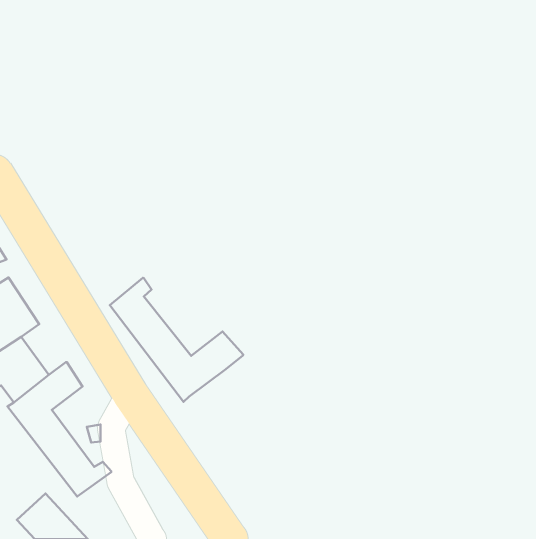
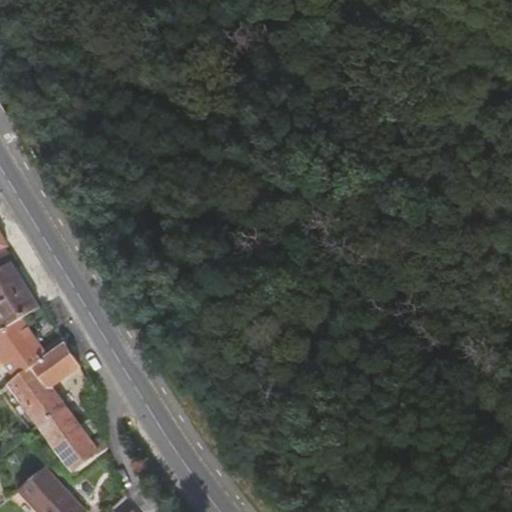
building: [110,278,243,402] -> none

